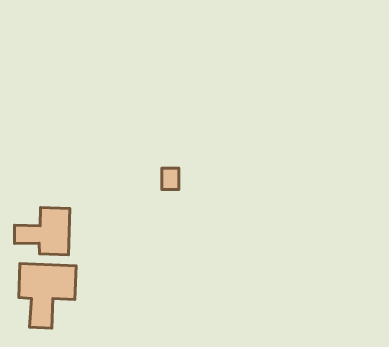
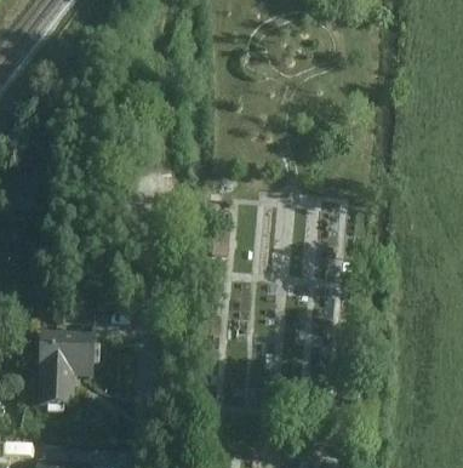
building: [14,208,70,255] -> none

